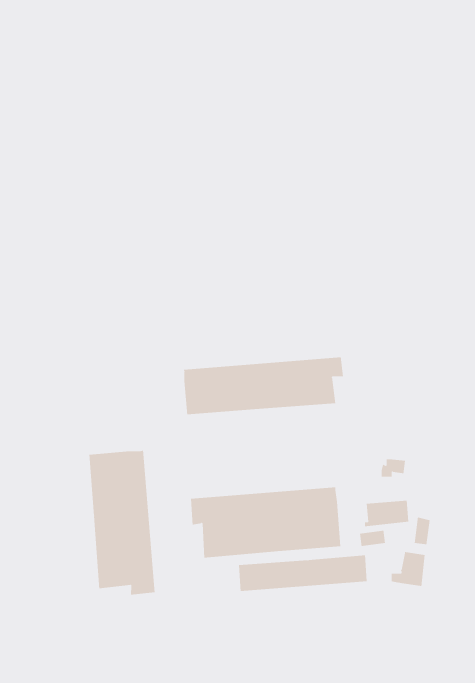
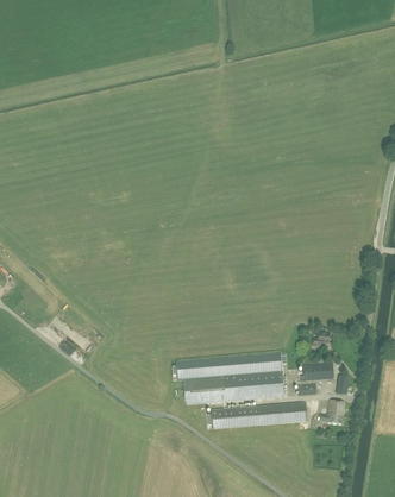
building: [183,357,343,415] -> none
building: [89,450,155,595] -> none

